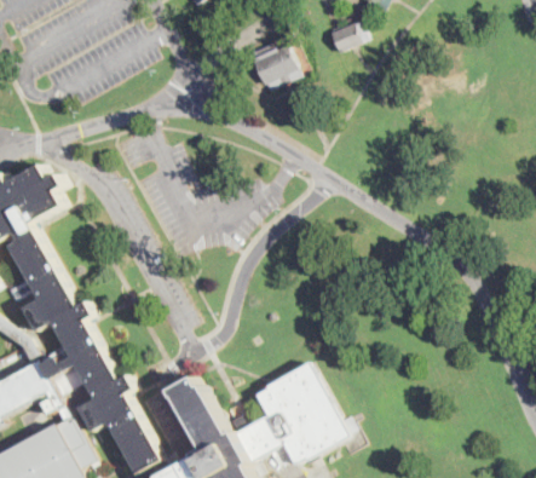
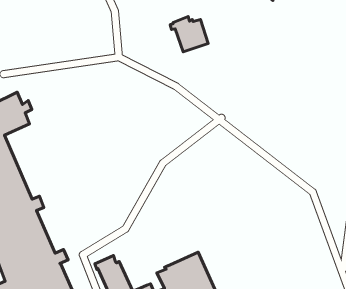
building: [325,23,363,53] -> none

